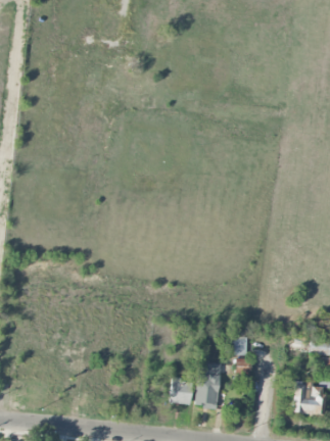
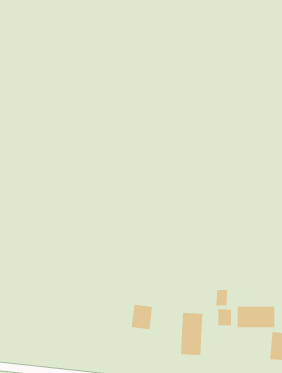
building: none -> [237,306,275,328]
building: [171,377,194,404] -> [131,304,153,330]

